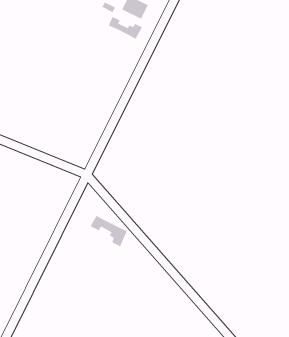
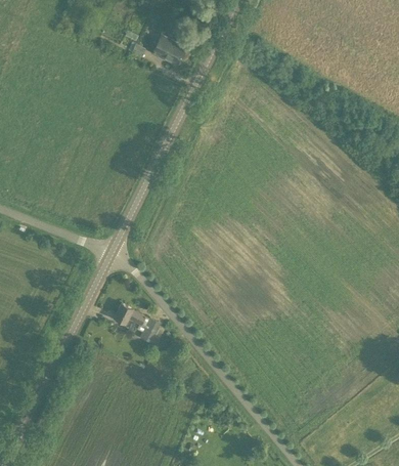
building: [108,16,143,40] -> none

